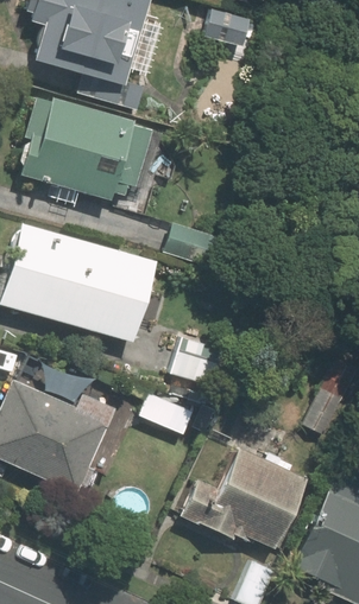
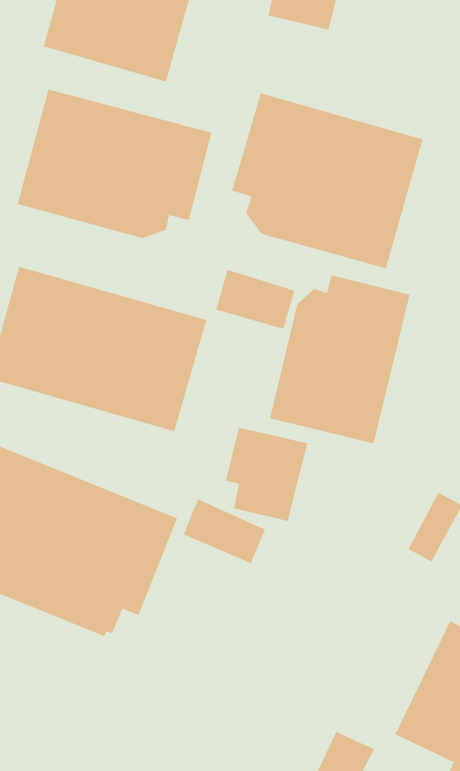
building: none -> [232,92,423,269]
building: none -> [270,274,410,444]
building: [181,443,311,551] -> none

